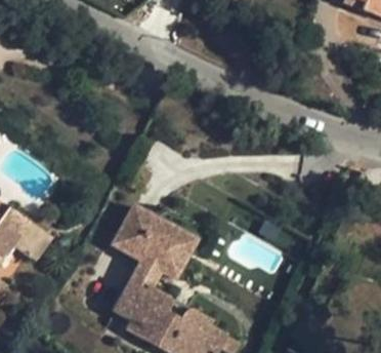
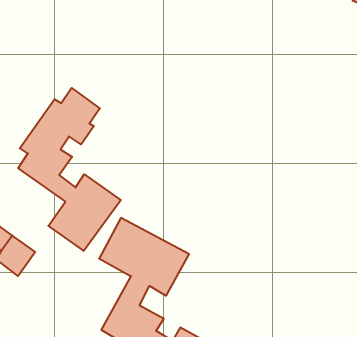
building: none -> [18,88,121,251]

